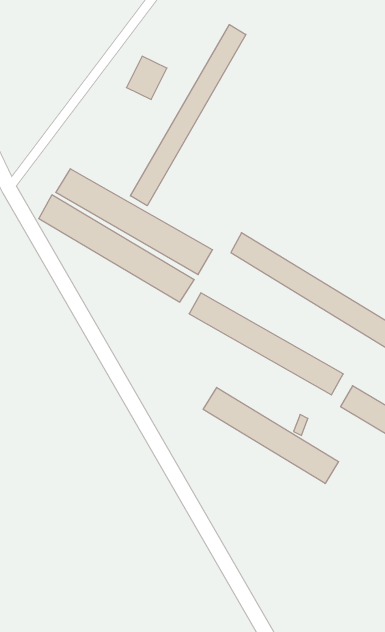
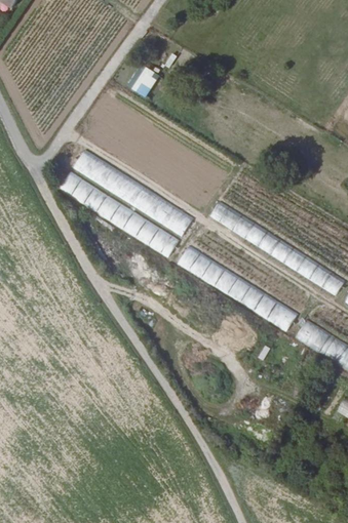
building: [130,25,246,206] -> none
building: [203,387,339,484] -> none

